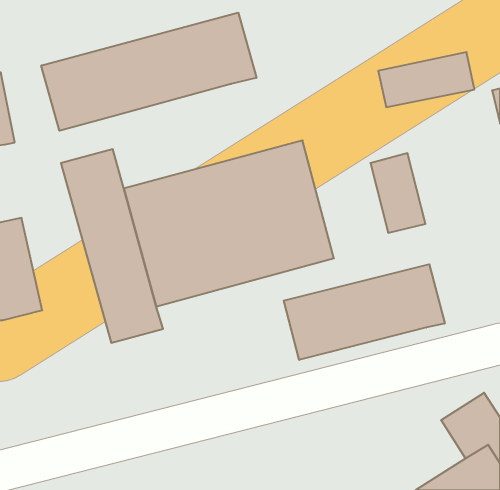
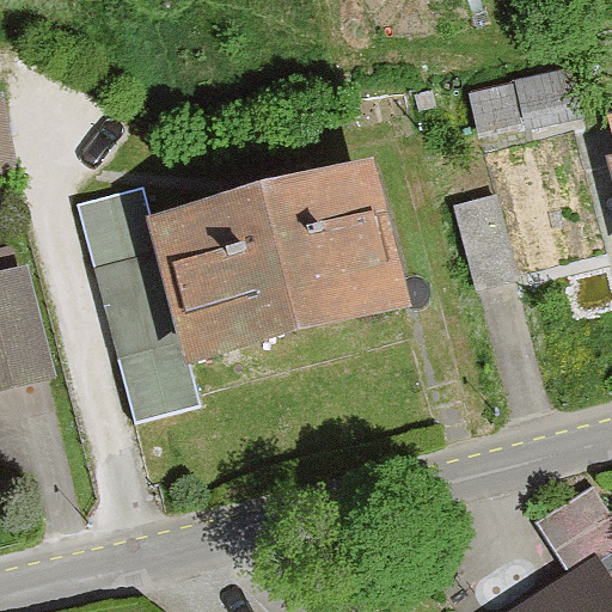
building: [41,13,256,131] -> none
building: [284,264,445,360] -> none

